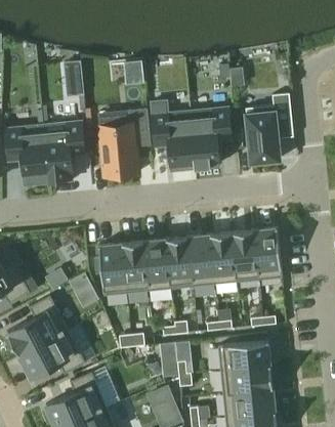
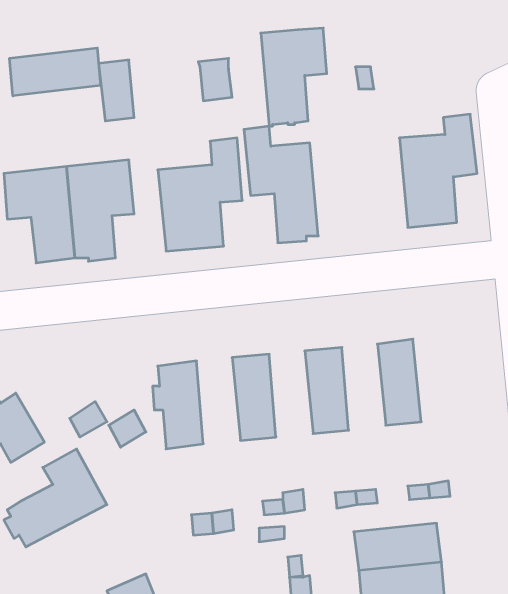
building: none -> [10,48,100,96]
building: [191,108,231,167] -> [261,28,327,126]
building: [253,227,282,280] -> none
building: [210,232,237,285] -> none
building: [166,237,193,289] -> none
building: [122,241,149,293] -> none
building: [18,330,85,378] -> none

